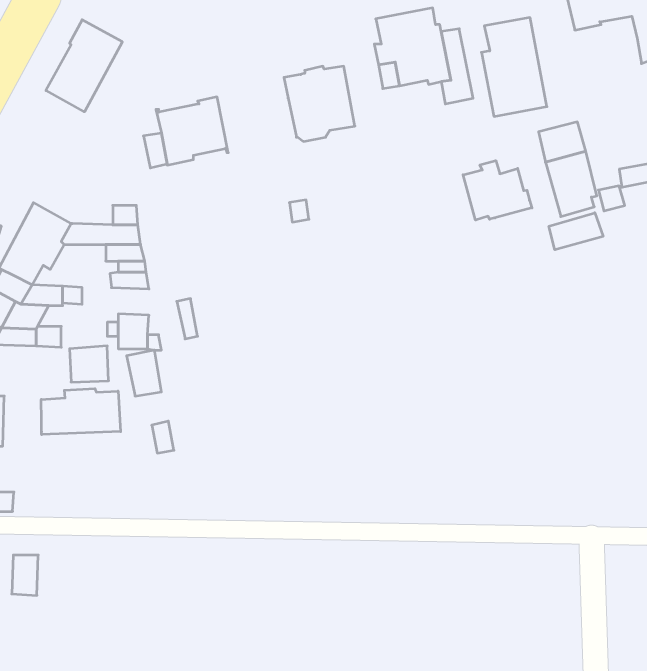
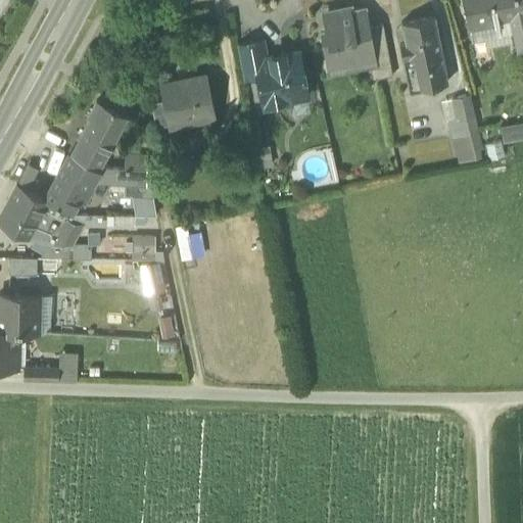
building: none -> [468,17,514,43]
building: [46,20,122,111] -> [70,102,127,170]
building: none -> [237,41,267,81]
building: [463,161,532,220] -> none
building: [549,213,603,250] -> none
building: [41,389,121,435] -> none
building: [12,555,38,595] -> [58,352,78,382]

